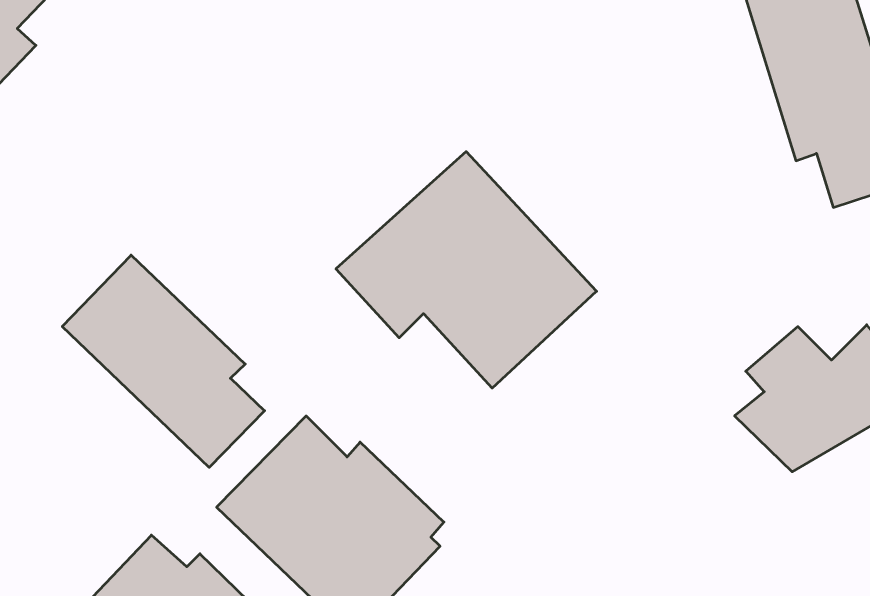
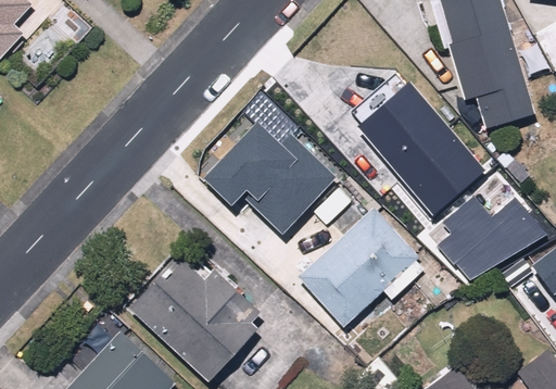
building: none -> [356,80,485,215]
building: [62,255,265,467] -> none
building: none -> [299,208,419,326]

